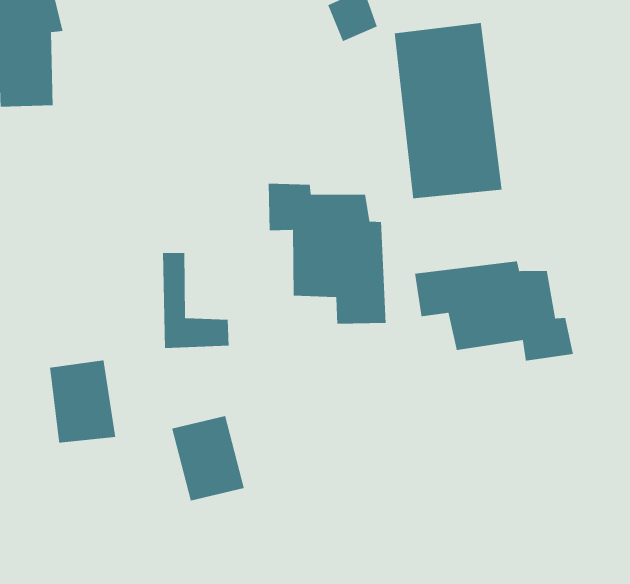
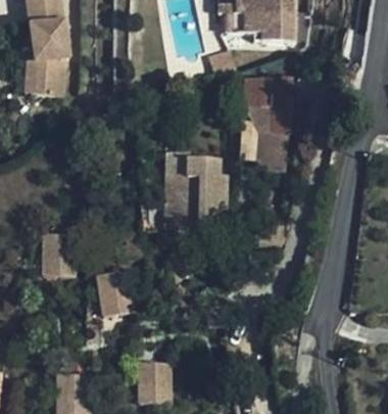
building: [162,252,229,349] -> [162,173,198,226]
building: [414,260,574,361] -> none

